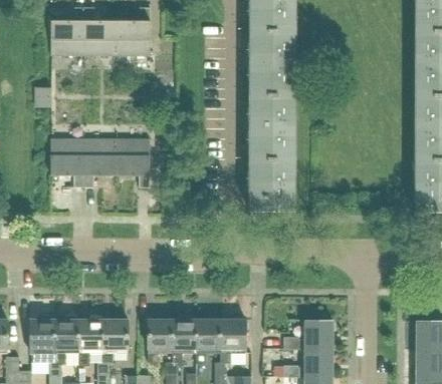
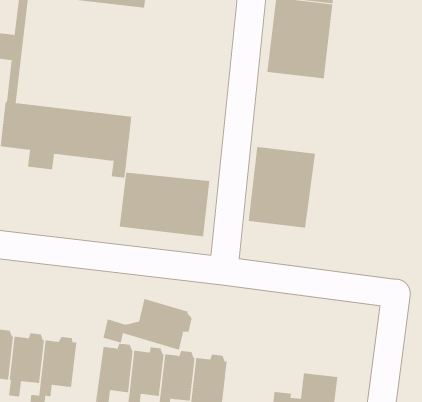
building: [249,94,295,152] -> none
building: none -> [119,172,210,237]
building: none -> [103,298,192,350]

